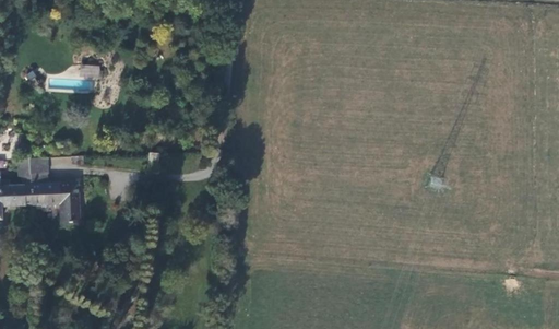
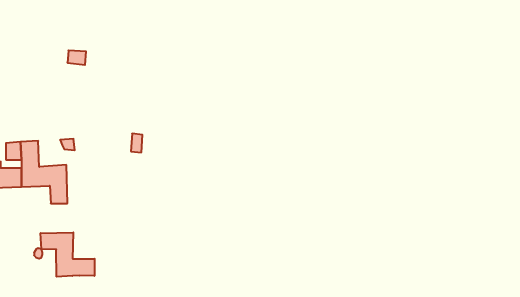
building: none -> [41,232,95,277]

